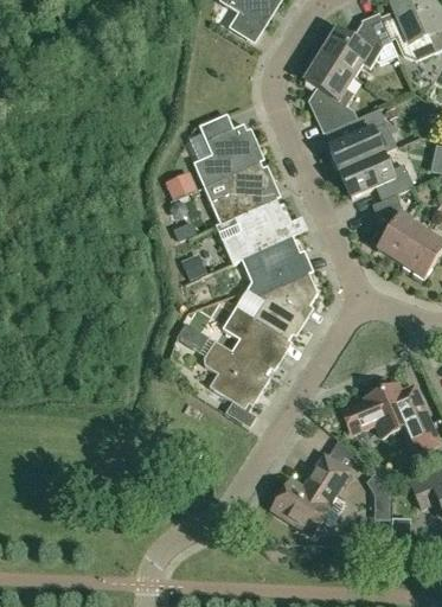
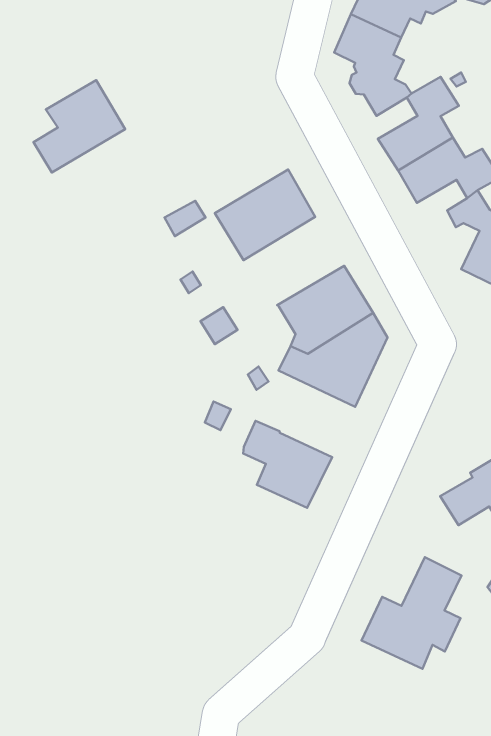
building: [193,123,261,186] -> [33,80,125,173]
building: [220,198,293,263] -> none
building: [223,306,288,373] -> none

